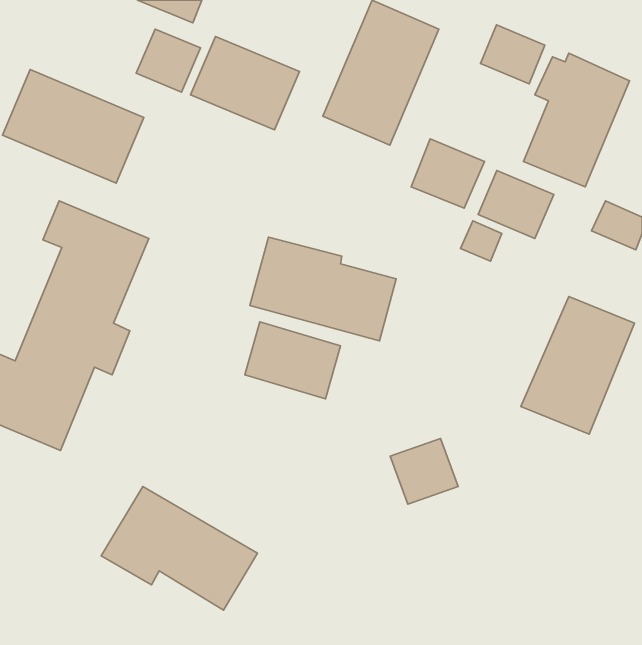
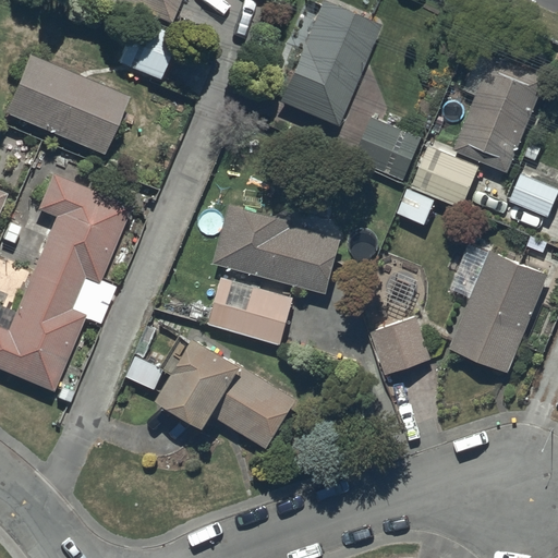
building: [480,25,545,84] -> none
building: [191,36,299,130] -> none
building: [390,438,458,504] -> [373,317,432,374]
building: [101,486,258,610] -> [162,342,298,449]

